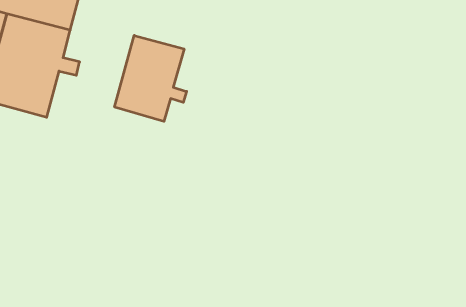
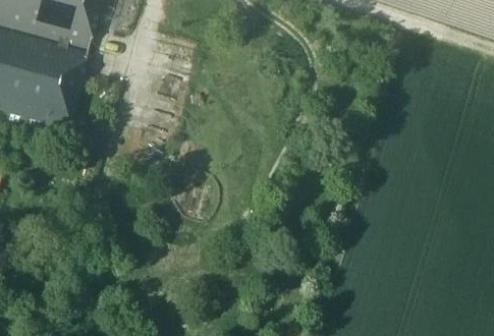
building: [115,35,187,121] -> none

